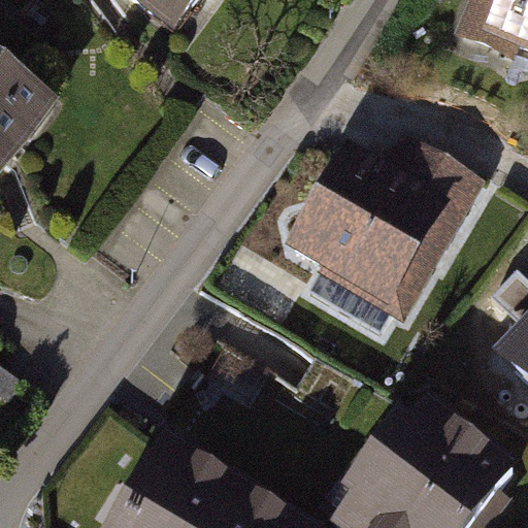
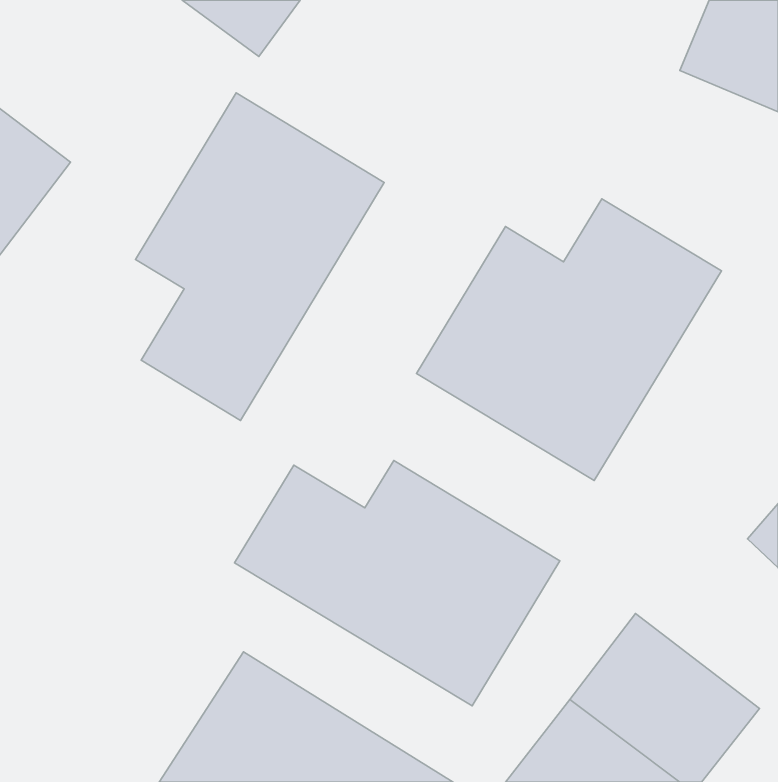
building: none -> [136,93,384,420]
building: none -> [235,460,560,706]

